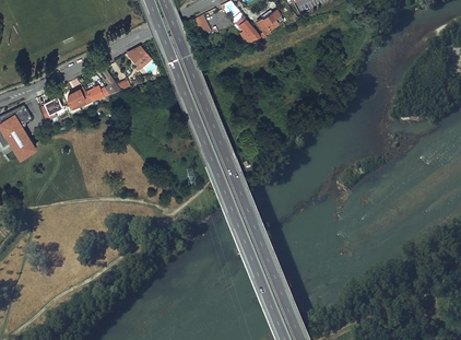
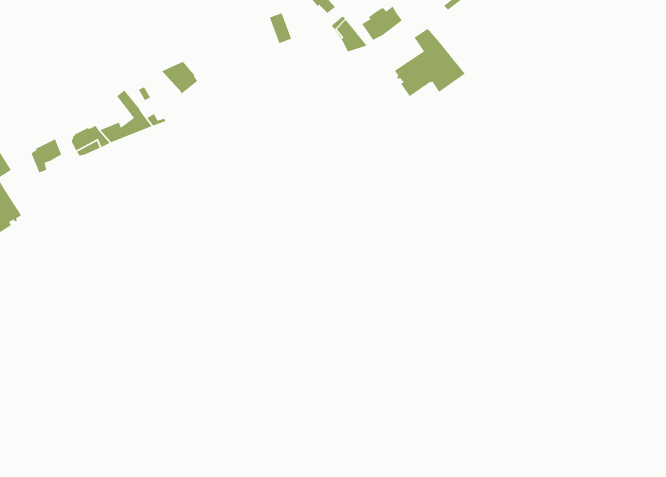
building: none -> [394,28,466,97]

